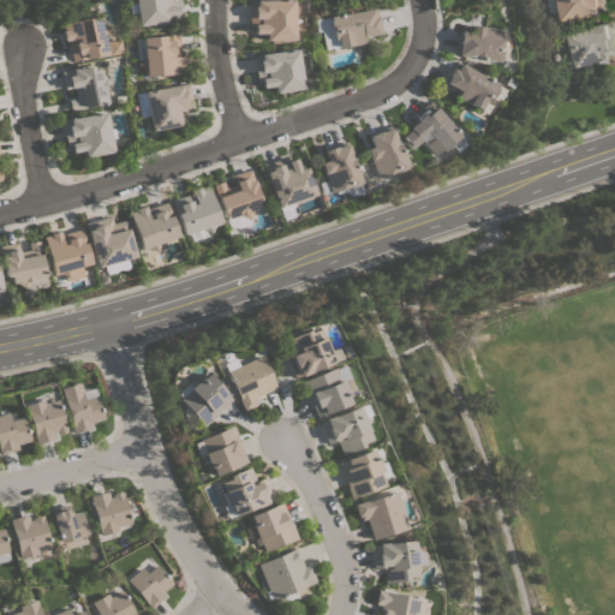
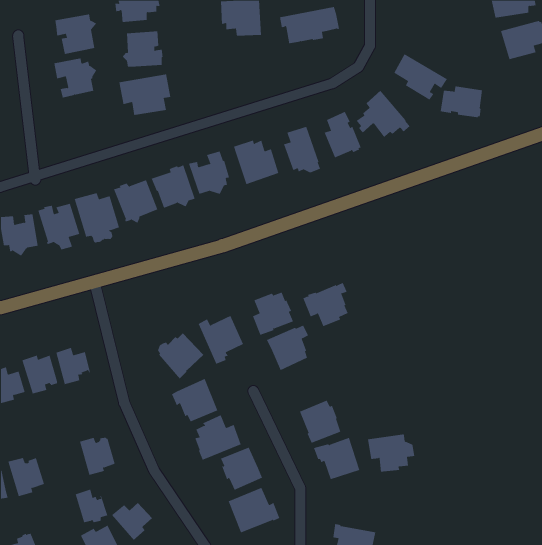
building: [458,26,506,62] -> [440,86,483,118]
building: [256,49,308,94] -> none
building: [65,113,119,157] -> none
building: [322,405,374,455] -> [303,282,348,327]
building: [55,504,92,543] -> [75,489,108,523]
building: [374,541,428,584] -> [367,434,415,472]

